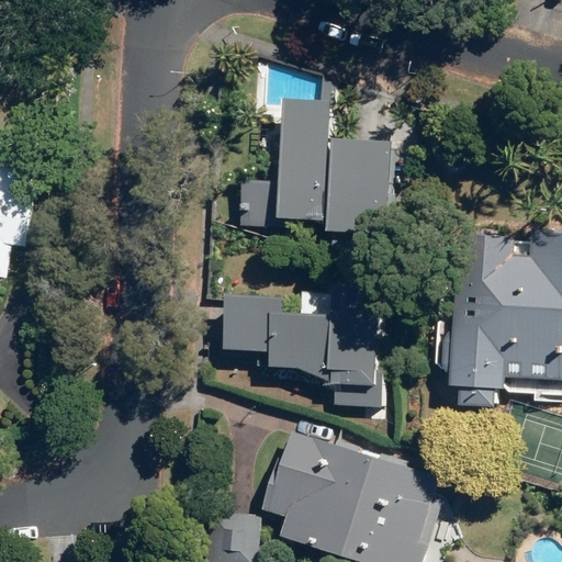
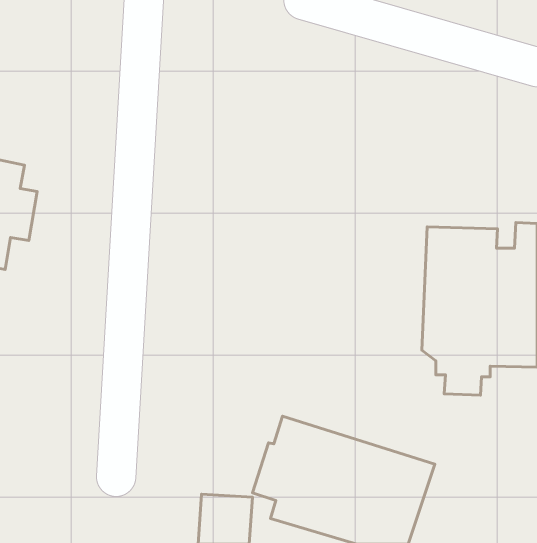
building: [236,99,391,235] -> none
building: [223,288,383,407] -> none

